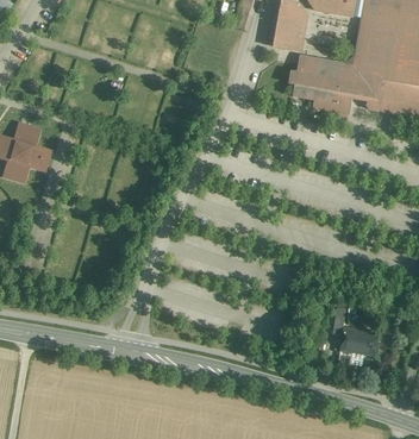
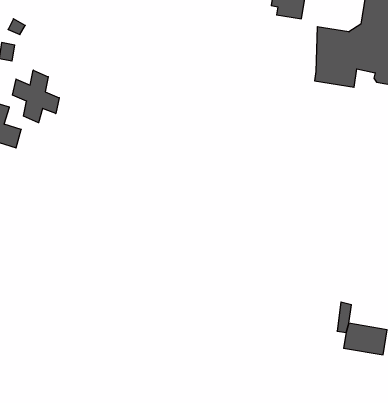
building: [287,56,314,99] -> none
building: none -> [12,70,59,123]

